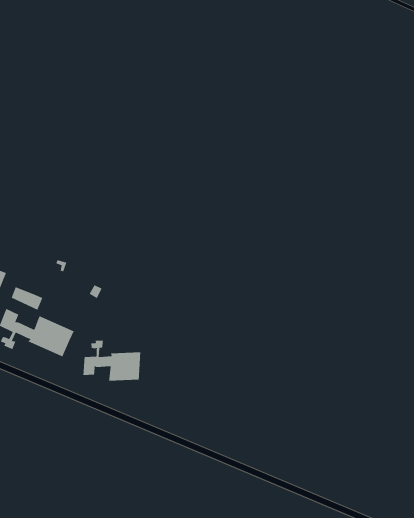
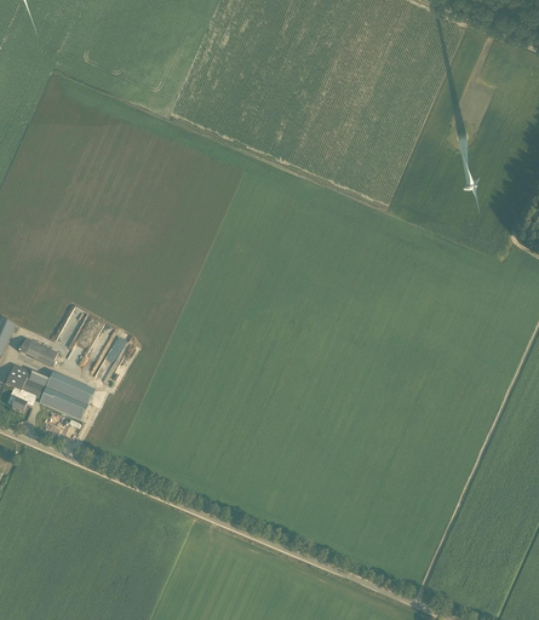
building: [83,340,141,382] -> none

